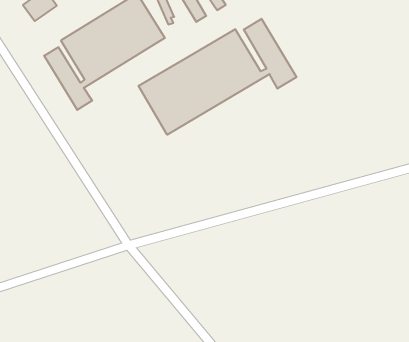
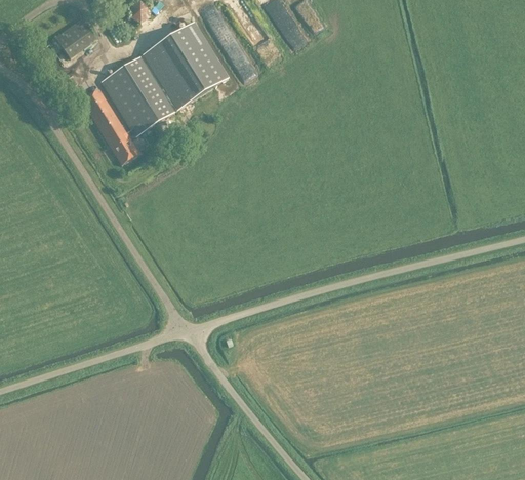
building: [139,19,296,135] -> none

